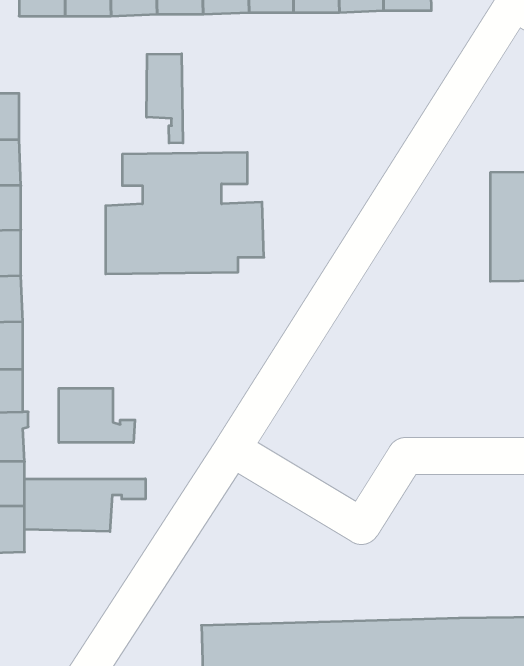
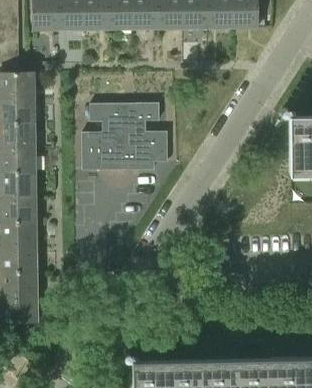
building: [147,54,183,143] -> none
building: [59,388,135,443] -> none
building: [25,479,145,532] -> none

